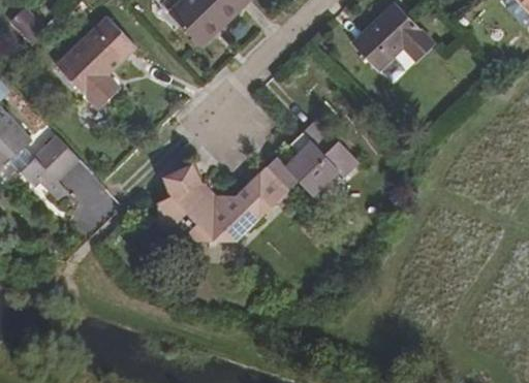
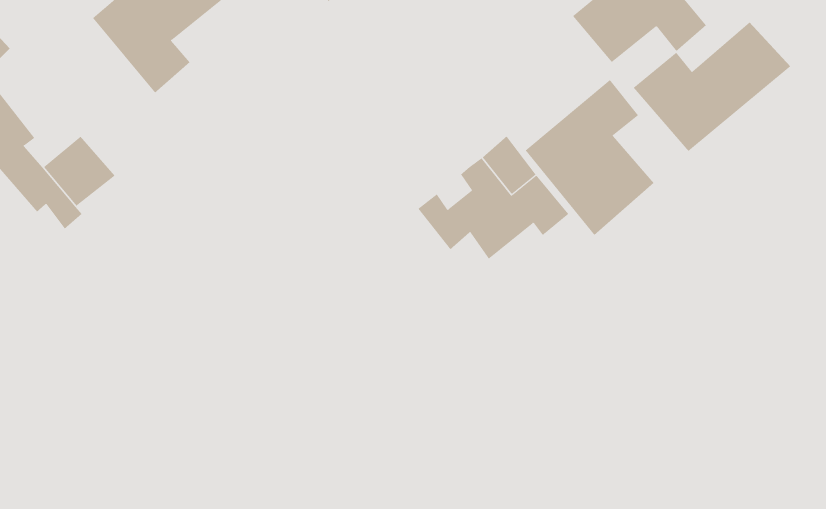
building: none -> [633,22,791,152]
building: none -> [525,79,655,236]
building: [157,164,286,242] -> none

